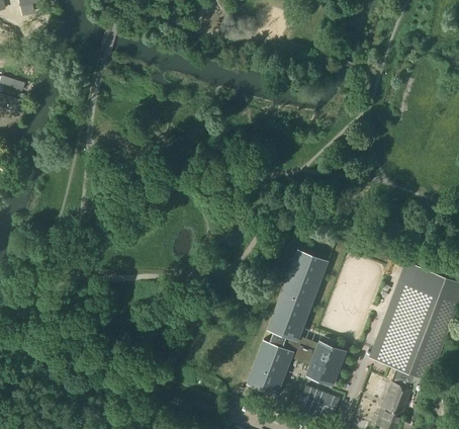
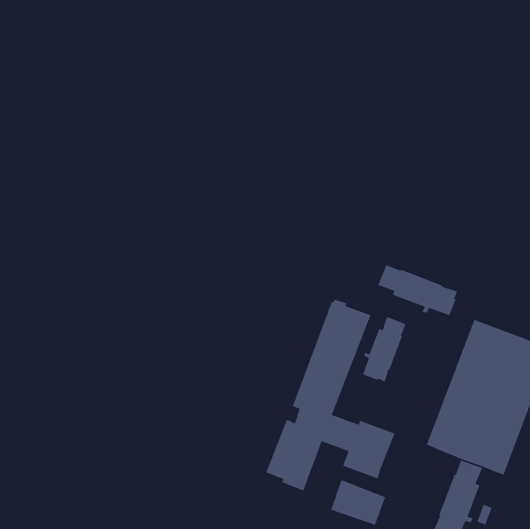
building: none -> [377,264,458,316]
building: none -> [362,316,406,383]

